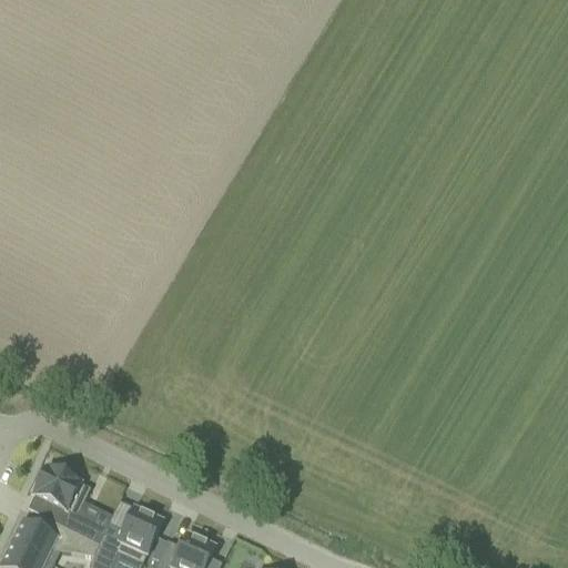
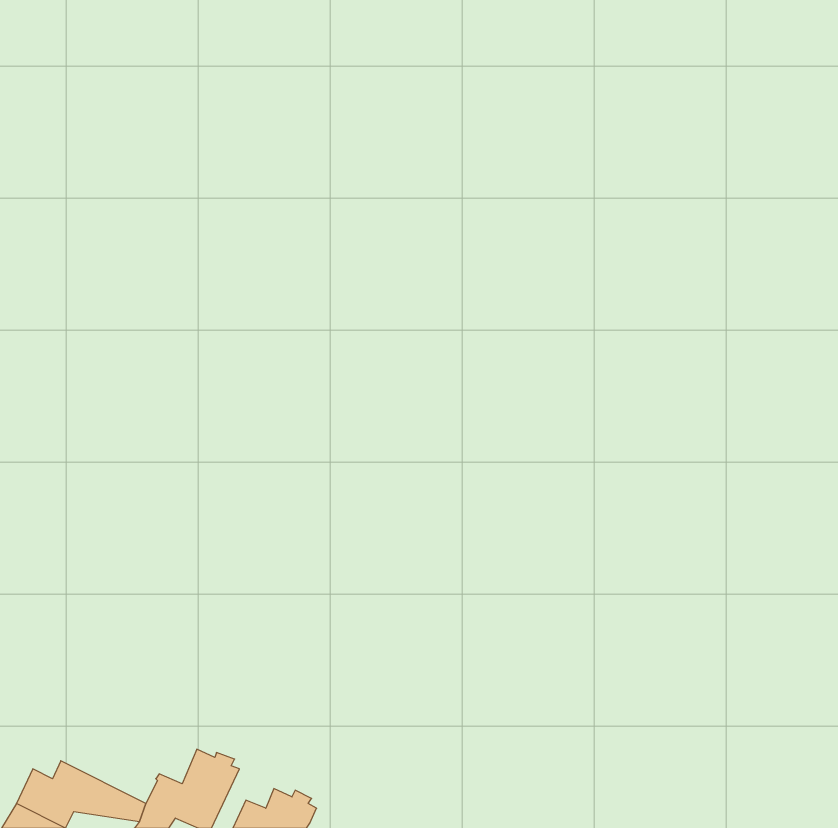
building: [33,463,106,544] -> none

